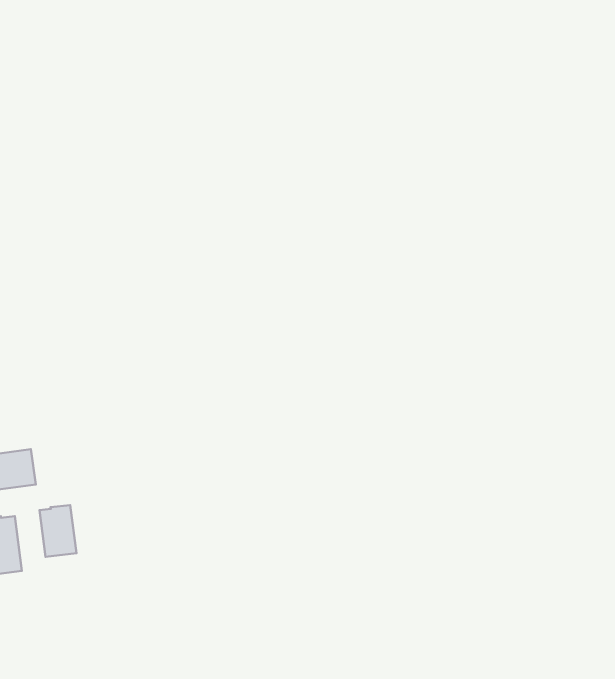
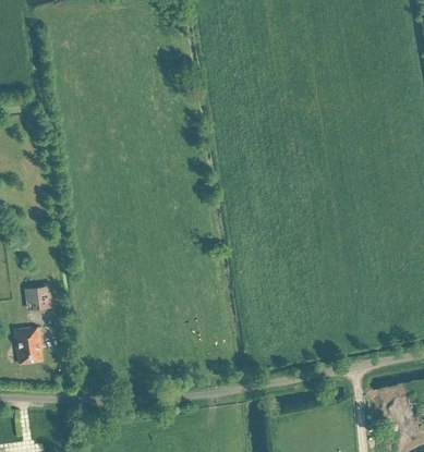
building: [39,505,77,557] -> none

